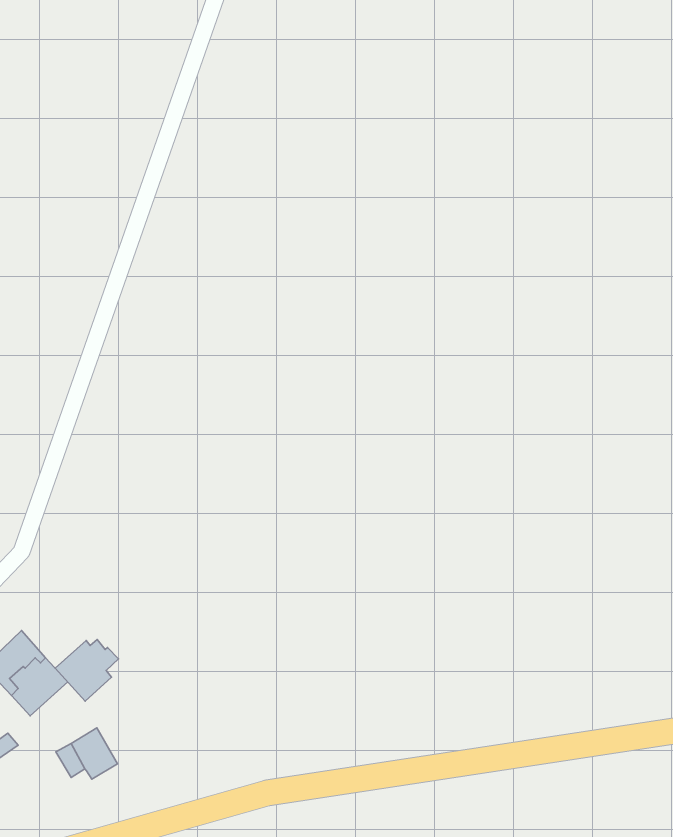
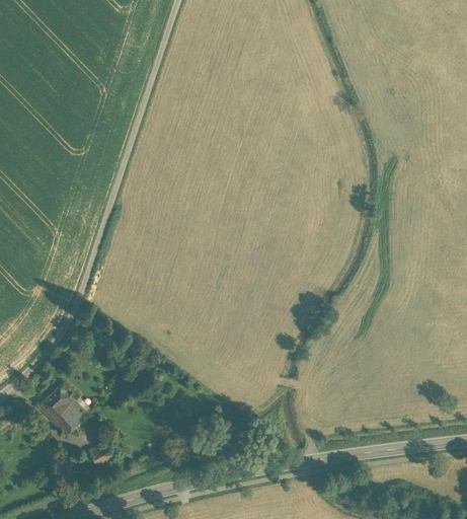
building: [55,639,119,701] -> none

